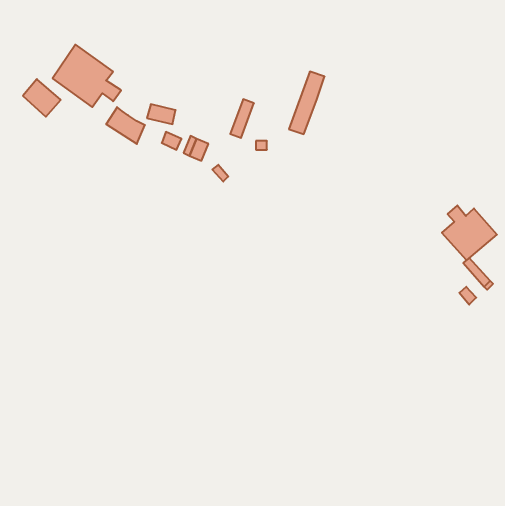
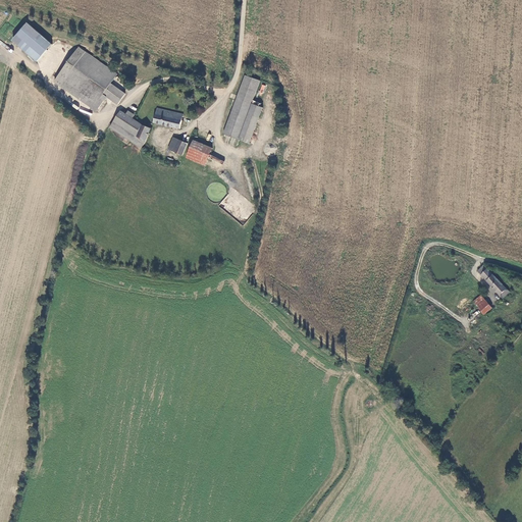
building: [289,72,325,134] -> [221,73,258,138]
building: [23,79,61,117] -> [12,23,51,62]
building: [442,205,497,260] -> none

